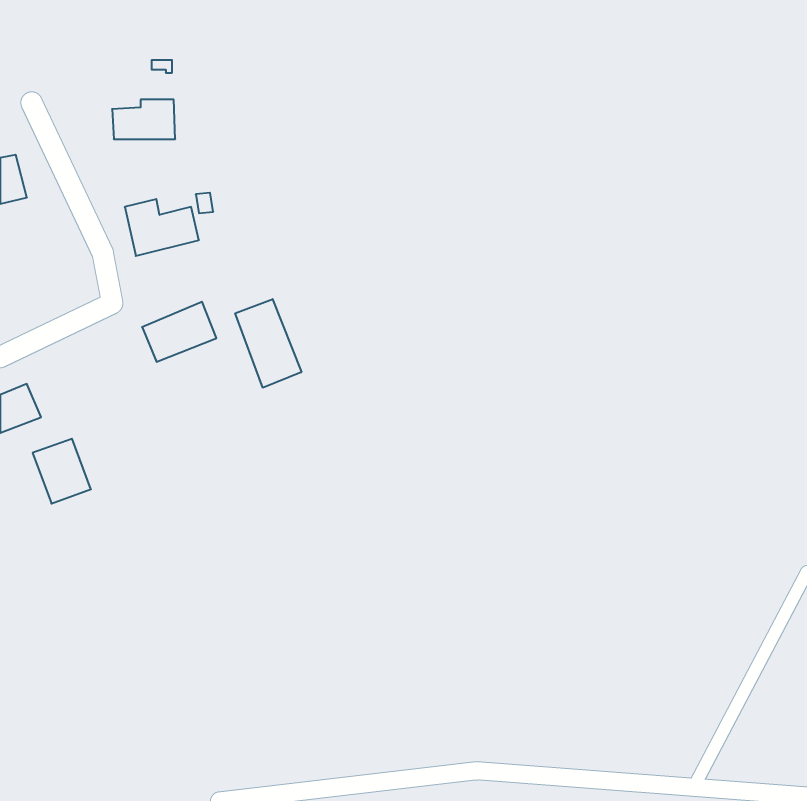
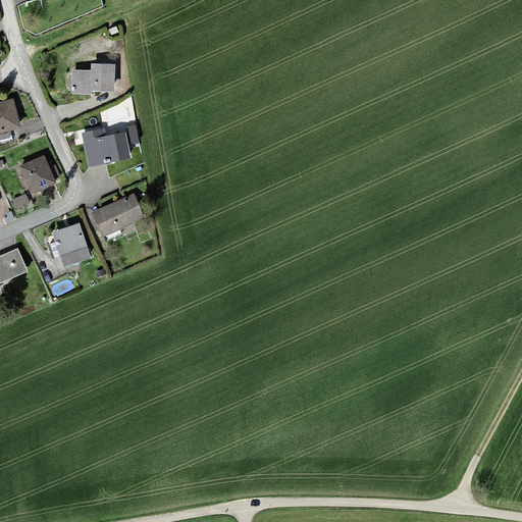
building: none -> [19,156,57,192]
building: [235,299,301,388] -> none
building: [33,439,91,504] -> [52,224,90,266]

